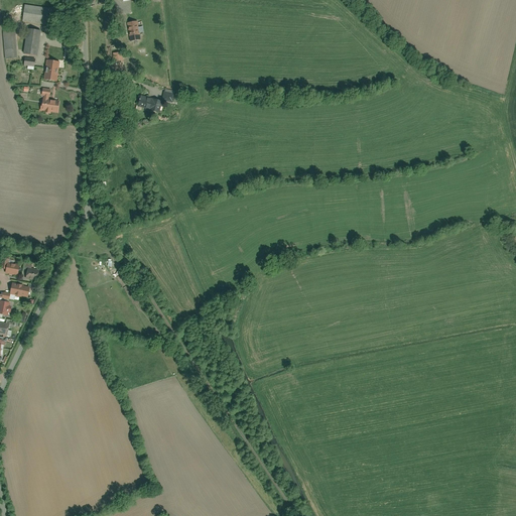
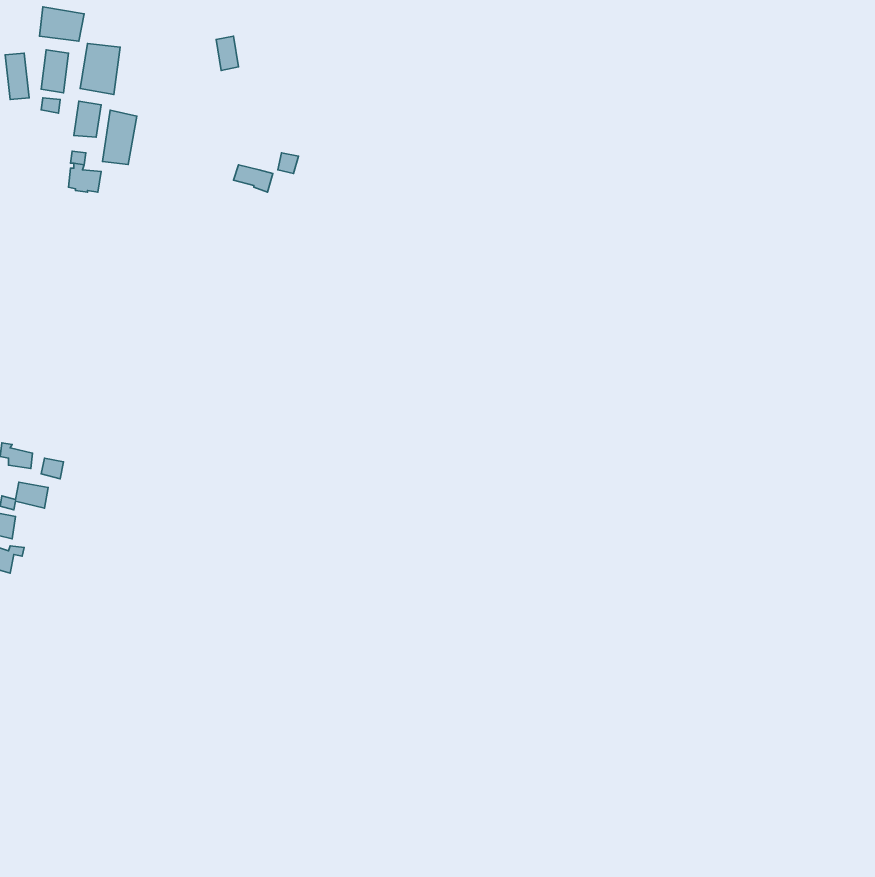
building: none -> [80,44,120,95]
building: none -> [103,110,137,165]

